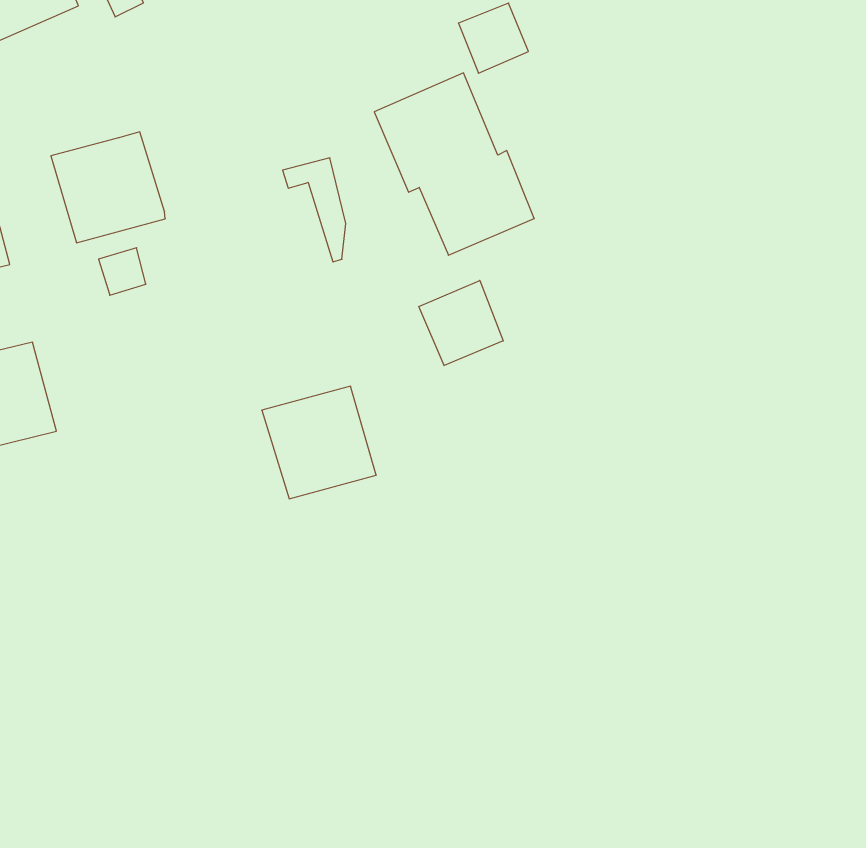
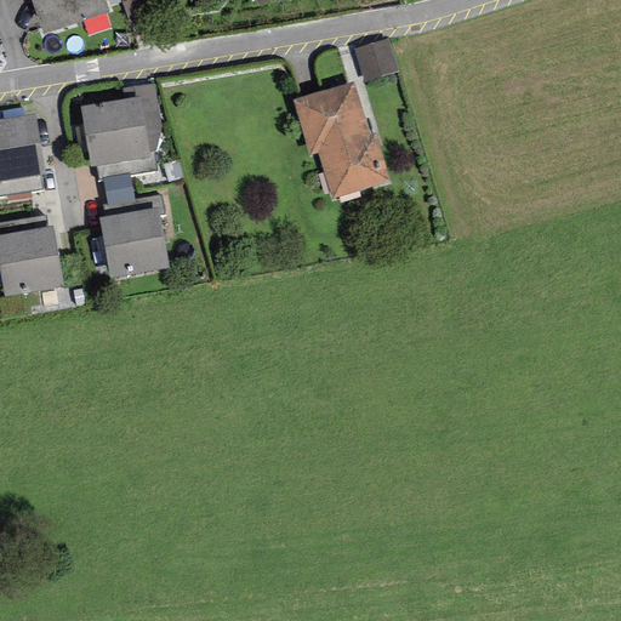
building: [283,158,346,262] -> [123,82,160,150]
building: [419,280,503,366] -> none
building: [262,386,376,499] -> [98,209,169,278]

